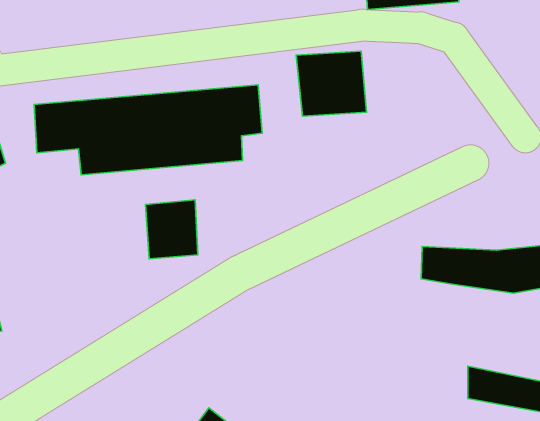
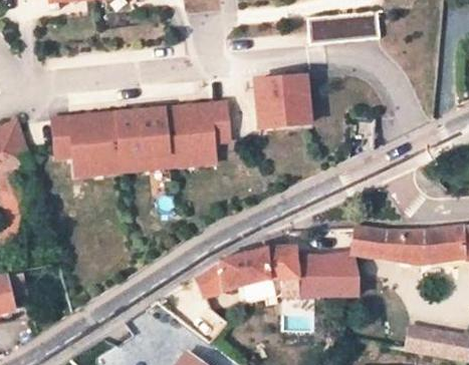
building: [145,200,198,259] -> none
building: none -> [194,247,366,297]

